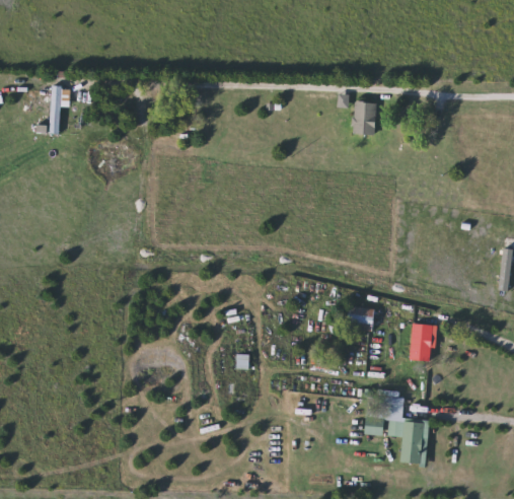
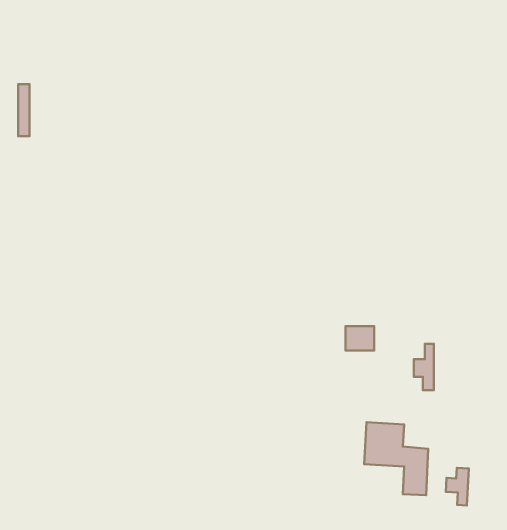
building: [354,101,376,134] -> none
building: none -> [446,468,469,505]

